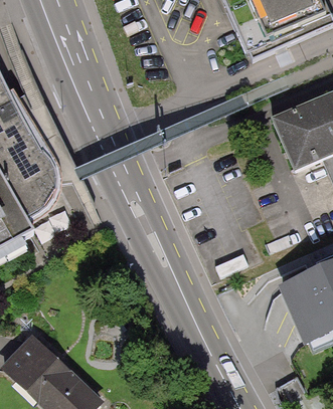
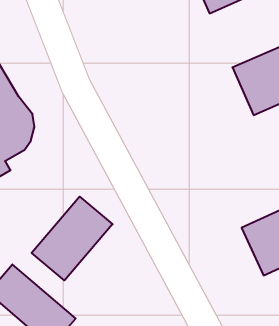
building: none -> [32,197,113,280]

